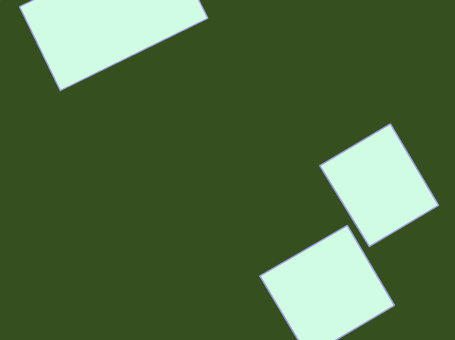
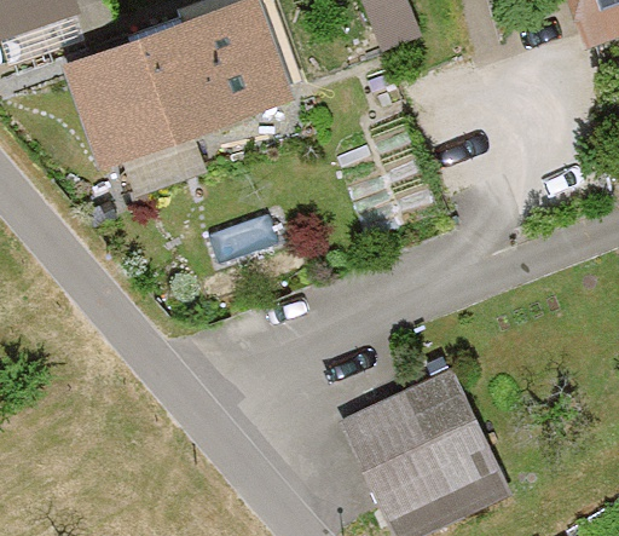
building: [320,124,438,247] -> none

